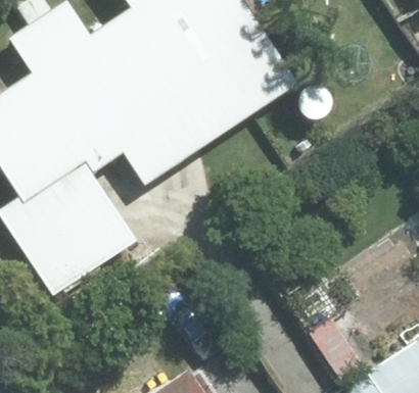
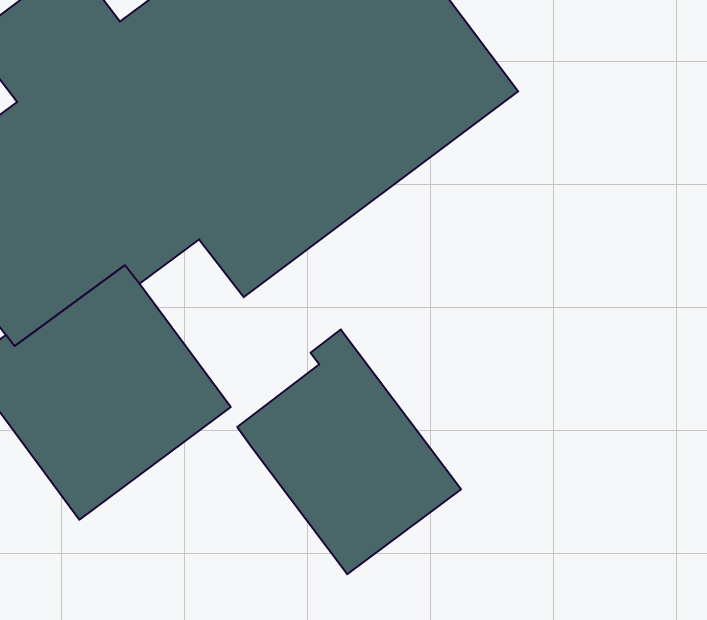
building: none -> [237,329,461,574]

